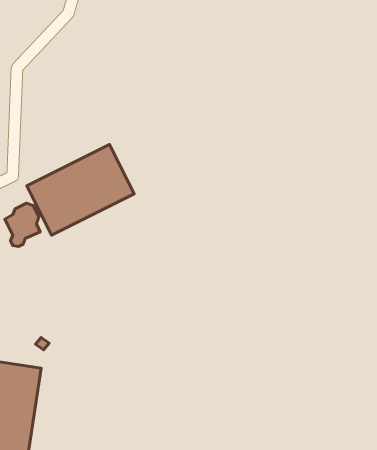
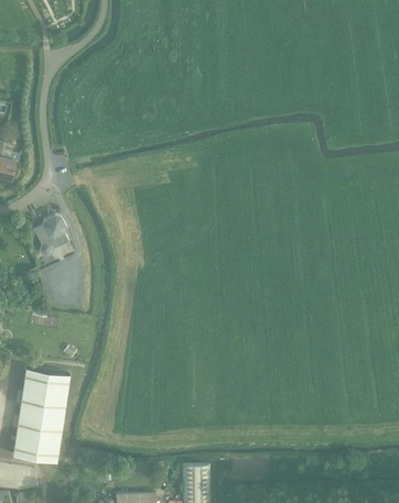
building: [27,145,134,235] -> none

